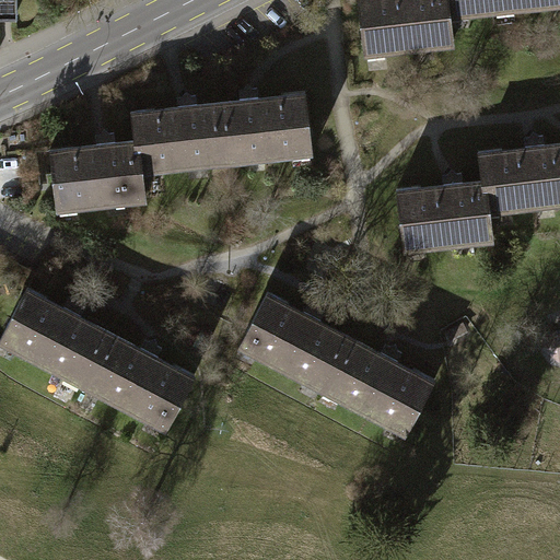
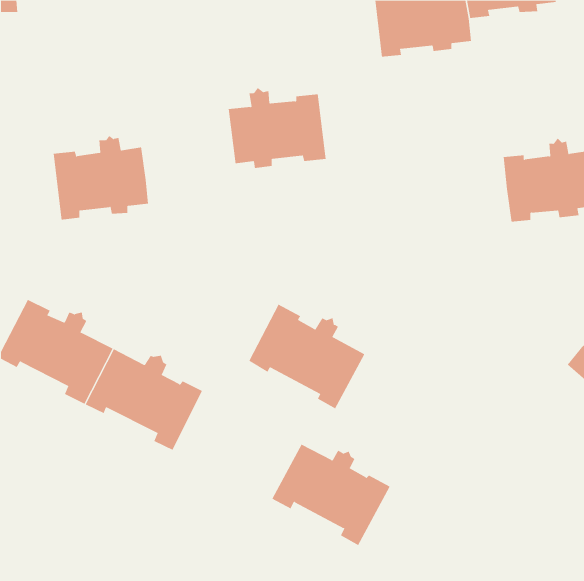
building: [133,95,225,176] -> none
building: [398,173,491,255] -> none
building: [322,342,435,440] -> [271,444,391,546]

